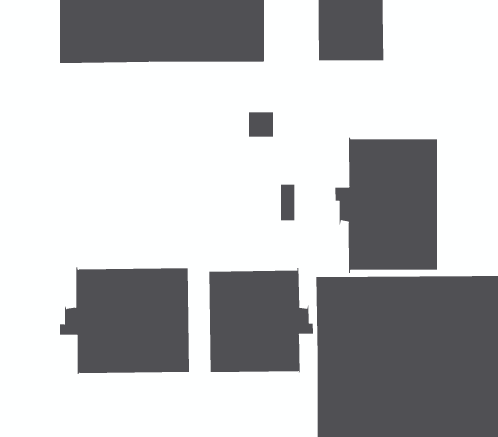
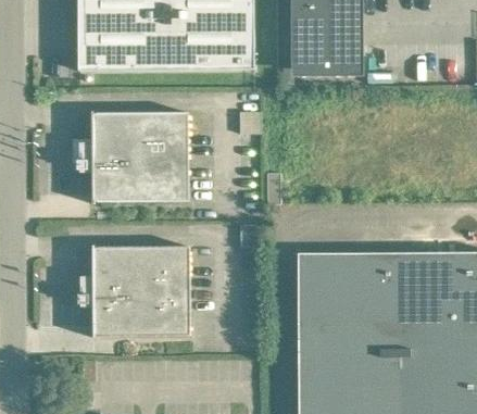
building: none -> [77,112,189,204]
building: [335,137,438,274] -> none
building: [209,267,314,373] -> none

